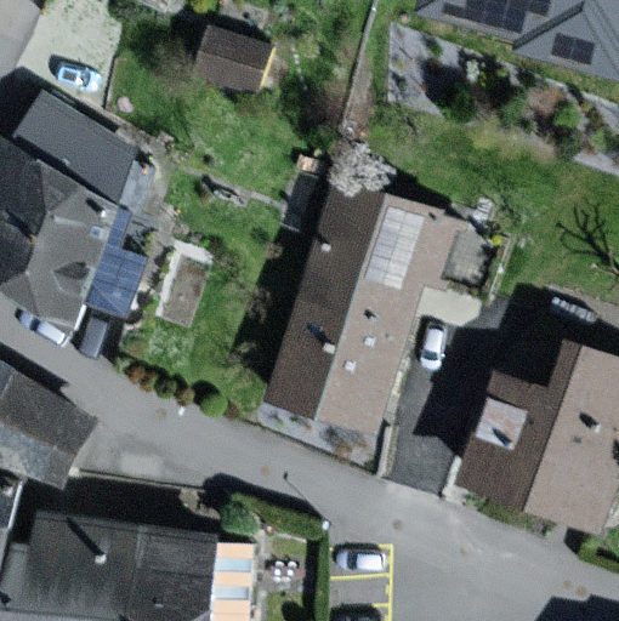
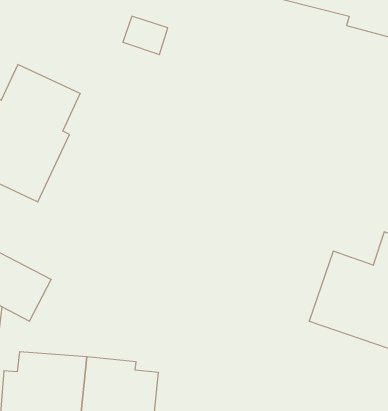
building: [271,187,454,422] -> none

